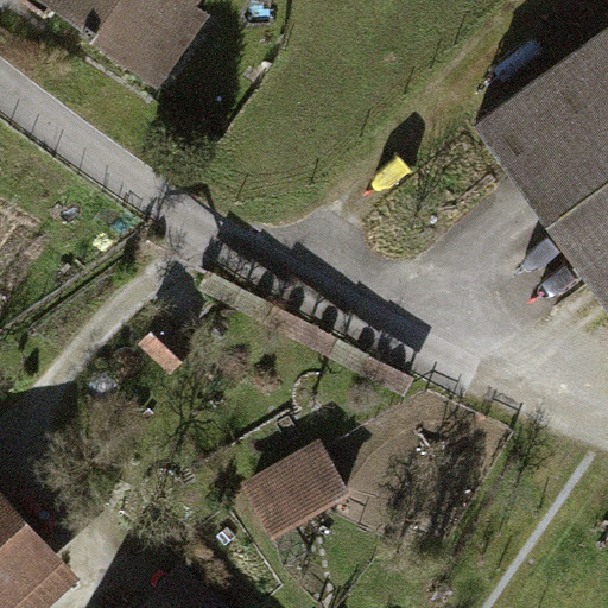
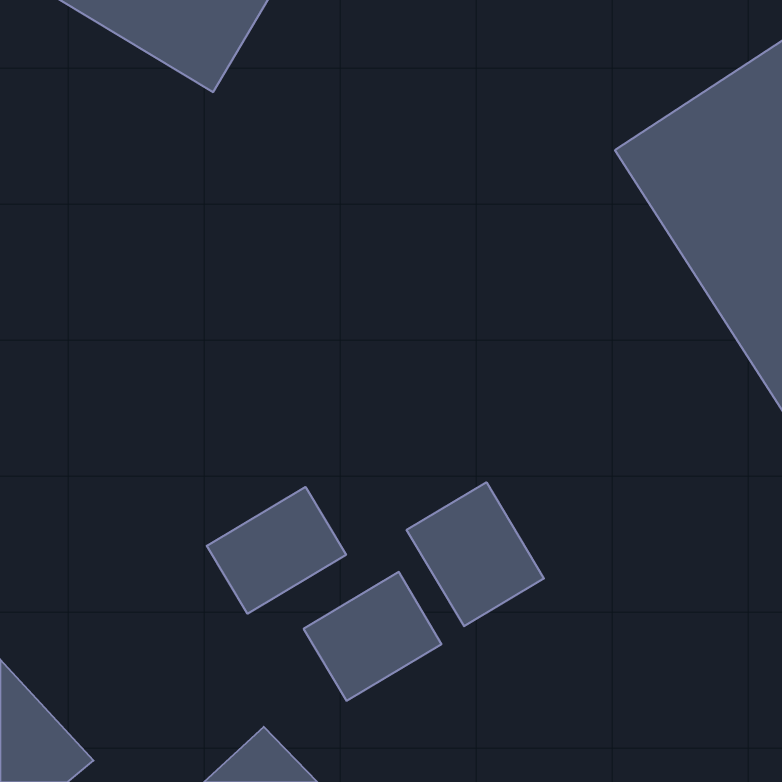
building: none -> [407,482,544,626]
building: none -> [207,487,346,614]

